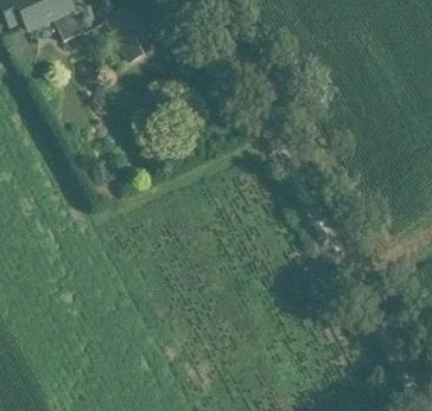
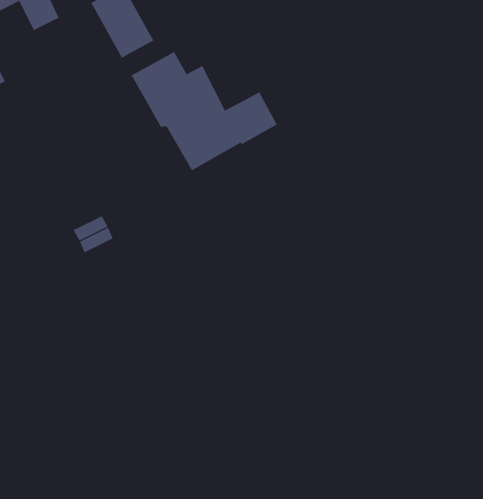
building: none -> [131,51,277,171]

